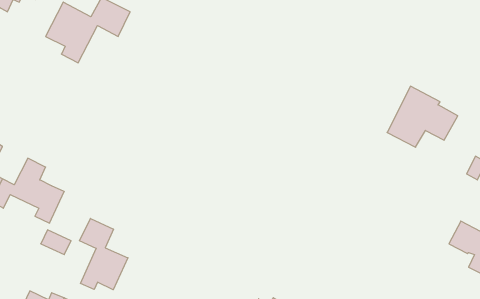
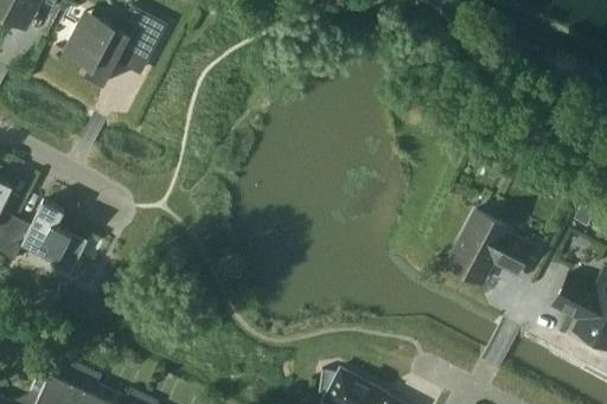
building: [387,86,458,147] -> [446,210,531,283]
building: [79,218,128,290] -> none

